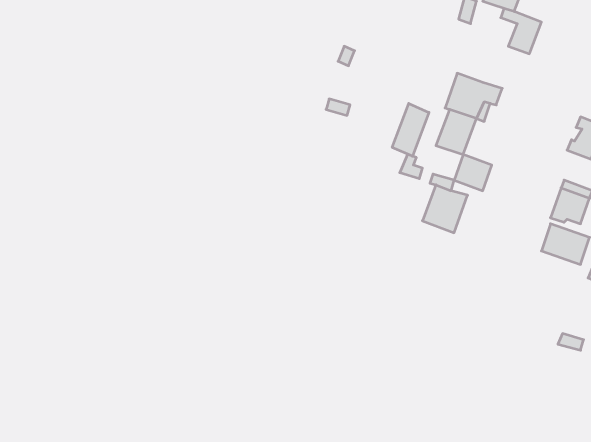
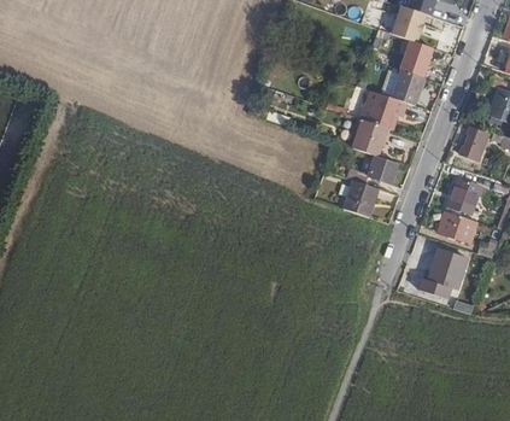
building: none -> [391,69,424,105]
building: [392,103,429,156] -> none
building: none -> [426,250,465,291]

